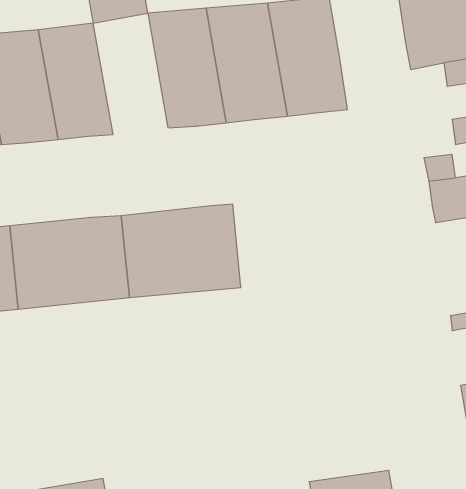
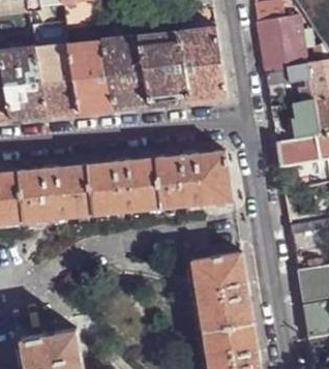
building: none -> [67,38,114,114]
building: none -> [154,150,231,209]
building: none -> [190,252,251,330]

